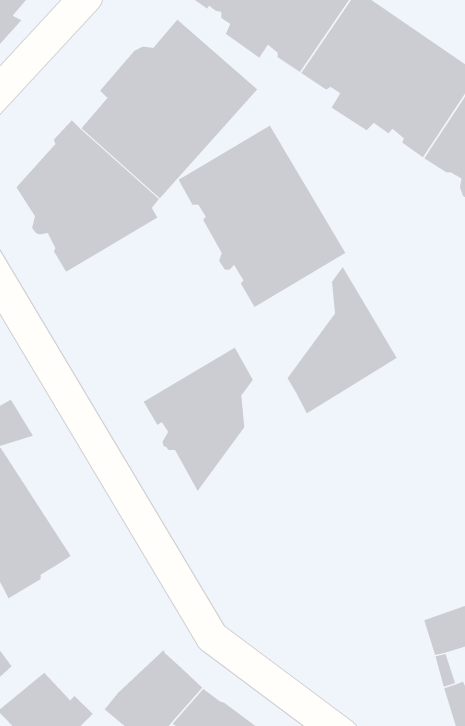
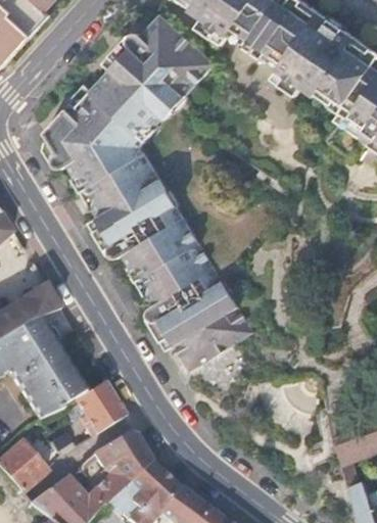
building: [178,124,347,308] -> [83,154,202,284]
building: [286,265,398,414] -> [176,269,254,374]
building: none -> [76,381,126,434]
building: none -> [89,431,152,506]

